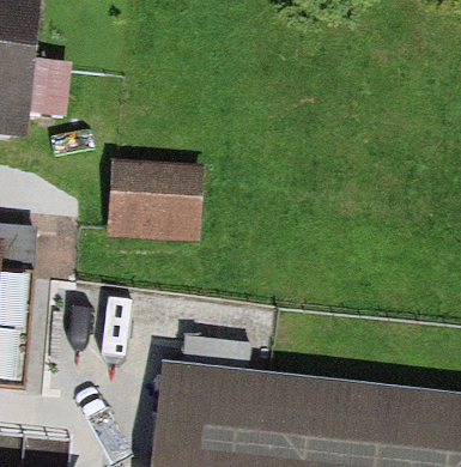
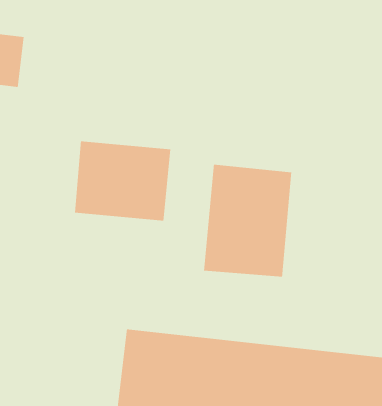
building: none -> [204,164,292,278]

